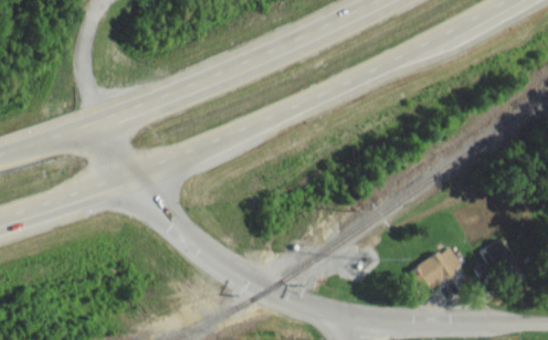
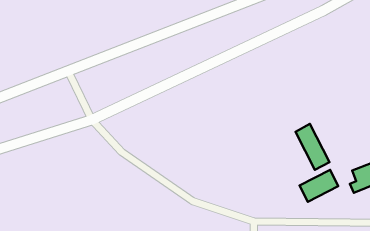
building: none -> [295,124,330,170]

